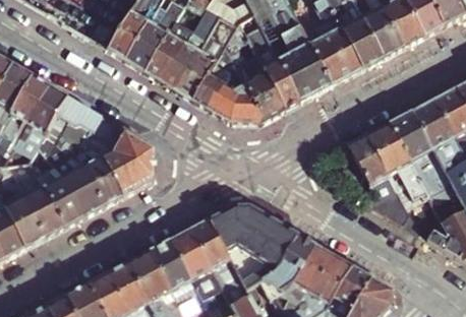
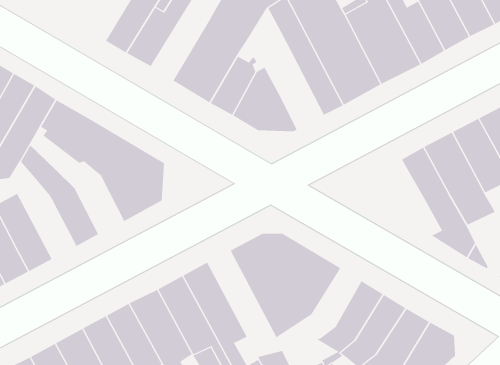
building: [145,19,193,80] -> none
building: [226,21,286,120] -> none
building: [47,118,123,205] -> none
building: [31,146,84,226] -> none
building: [191,218,252,305] -> none
building: [259,233,316,290] -> none

